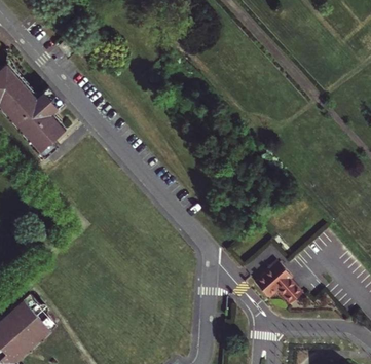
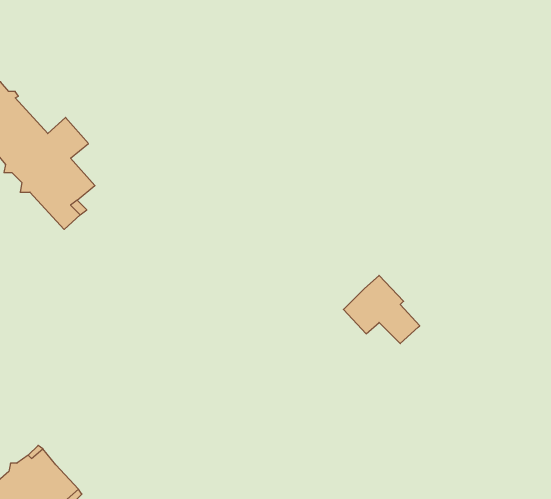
building: [252,261,300,304] -> [343,275,420,344]

